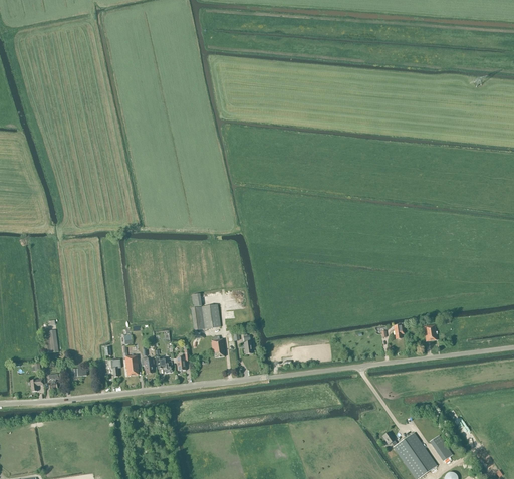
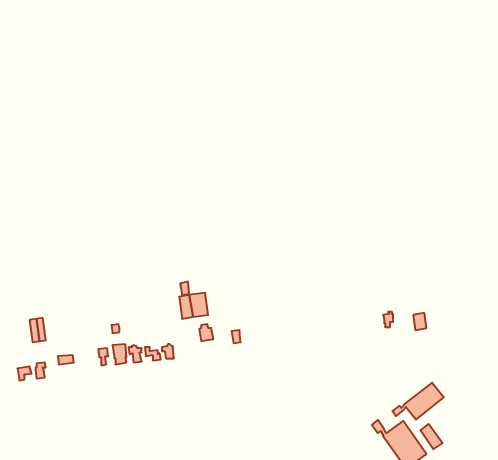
building: none -> [392,383,444,420]

